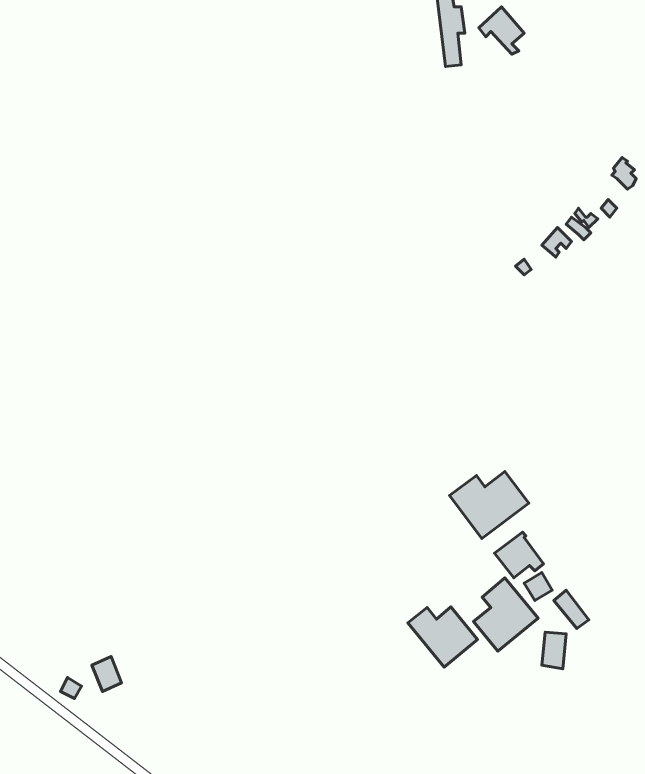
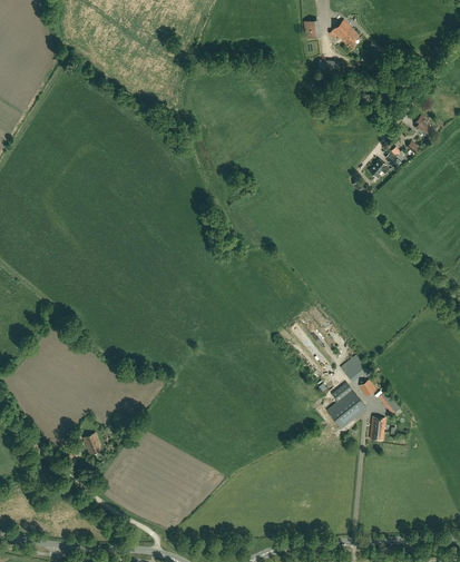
building: [449,471,529,539] -> none
building: [408,607,478,667] -> none

